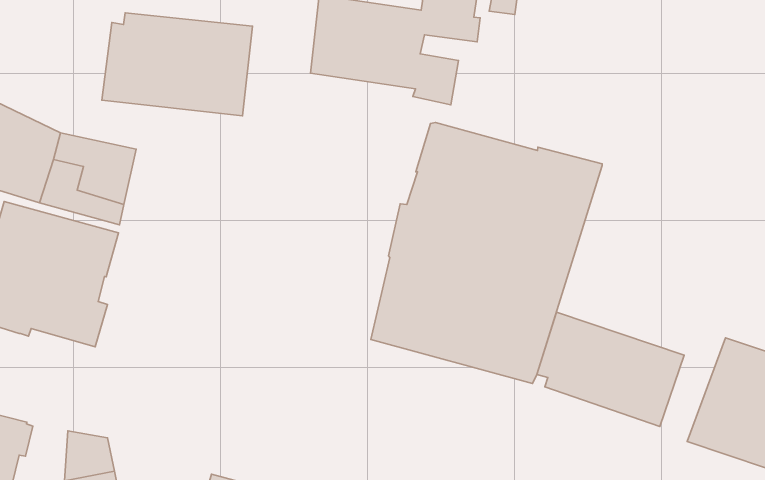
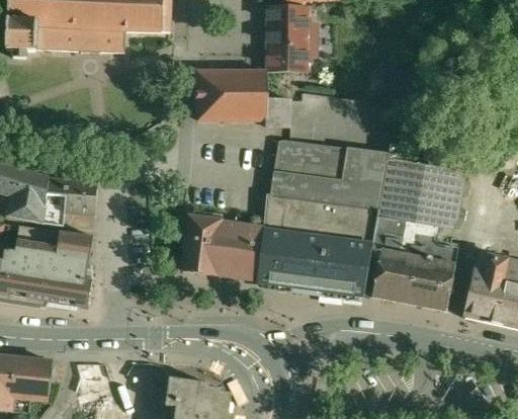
building: [102,13,253,116] -> none
building: none -> [372,151,460,263]
building: none -> [183,212,264,279]

